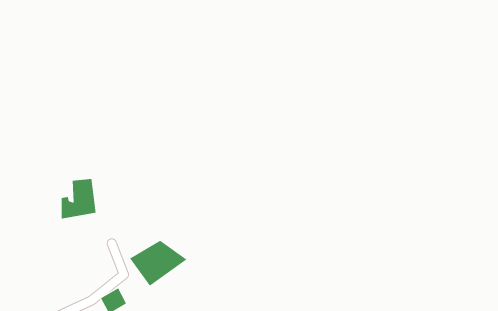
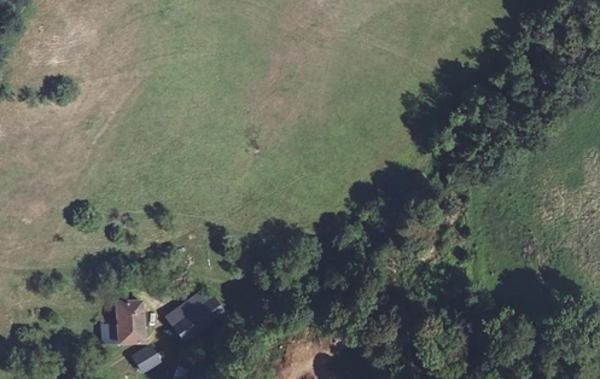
building: [61,178,96,219] -> [104,298,144,344]

